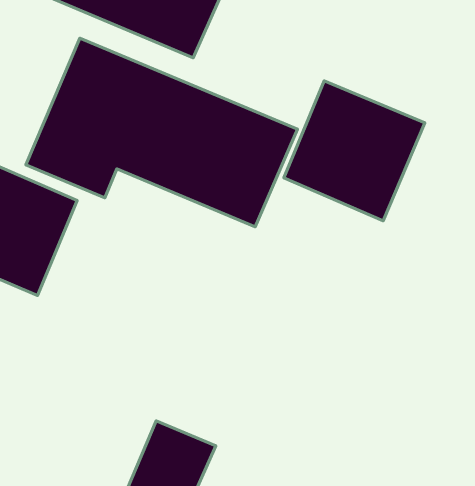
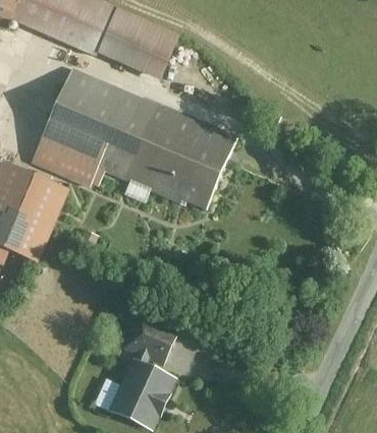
building: [284,81,425,221] -> none
building: none -> [121,314,175,365]

